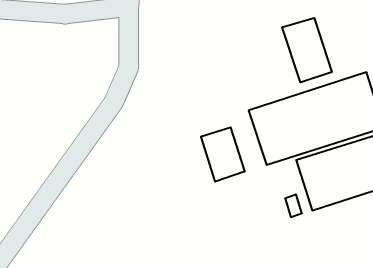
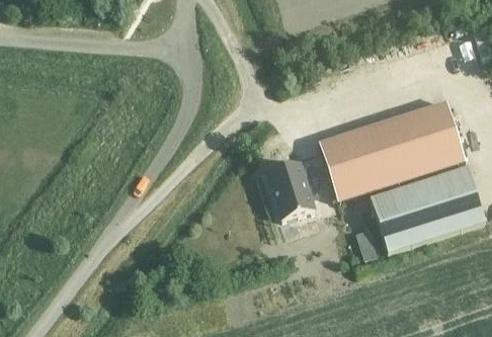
building: [282,18,332,82] -> none

